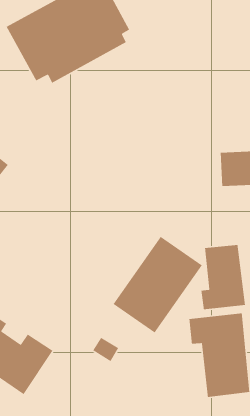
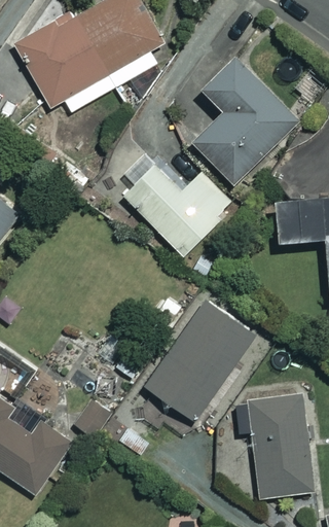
building: none -> [192,59,298,184]
building: none -> [124,160,234,254]
building: [201,244,246,310] -> none

